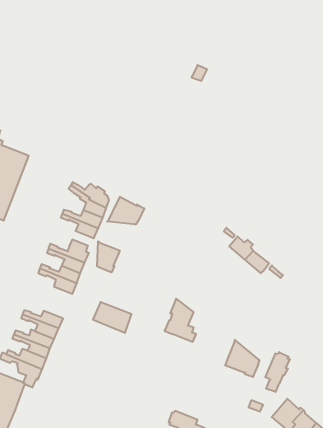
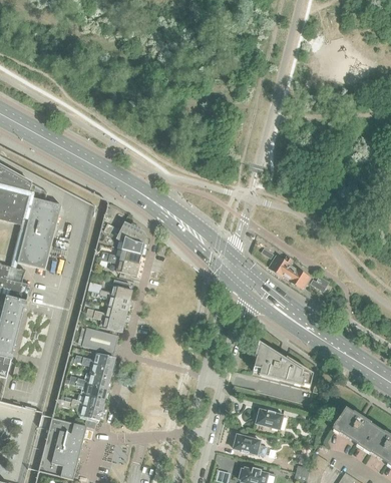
building: [107,197,144,225] -> none
building: [97,241,120,272] -> none
building: [165,299,196,342] -> [251,343,282,383]
building: [93,302,132,333] -> [81,327,118,354]
building: [265,352,290,392] -> none
building: none -> [254,409,283,429]

